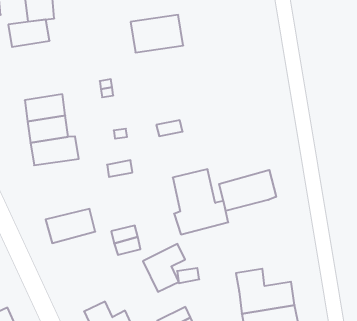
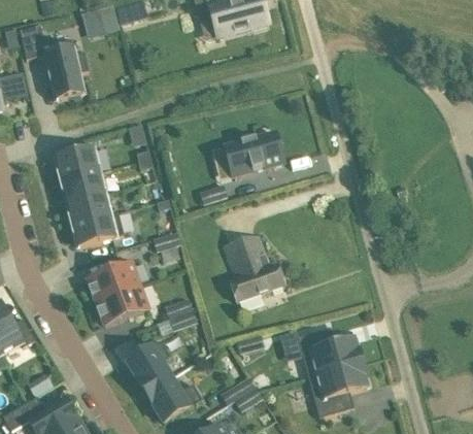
building: [131,15,183,52] -> [226,132,282,175]
building: [8,19,50,47] -> [56,148,100,180]
building: [219,170,276,211] -> none
building: none -> [88,262,140,301]
building: [143,244,185,292] -> [127,340,170,392]

